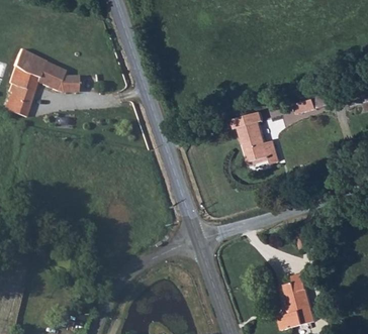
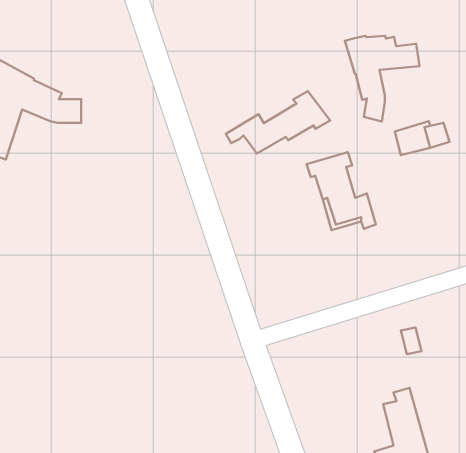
building: none -> [345,36,420,121]
building: none -> [226,91,330,153]

